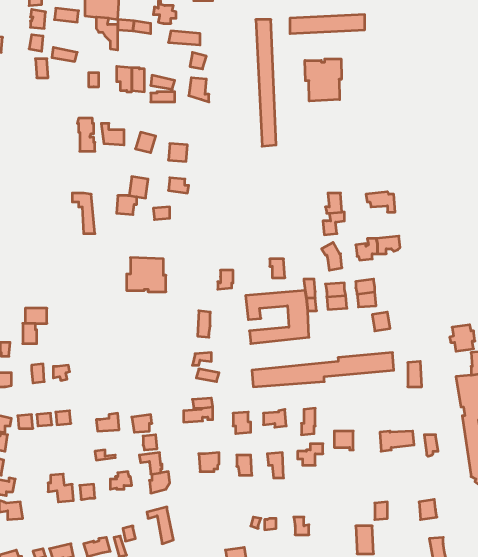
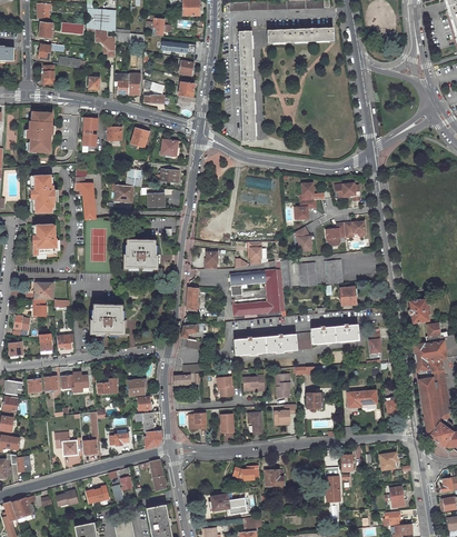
building: [305,59,341,101] -> none
building: none -> [29,112,52,152]
building: none -> [34,175,54,212]
building: none -> [37,225,58,258]
building: none -> [89,304,123,335]

